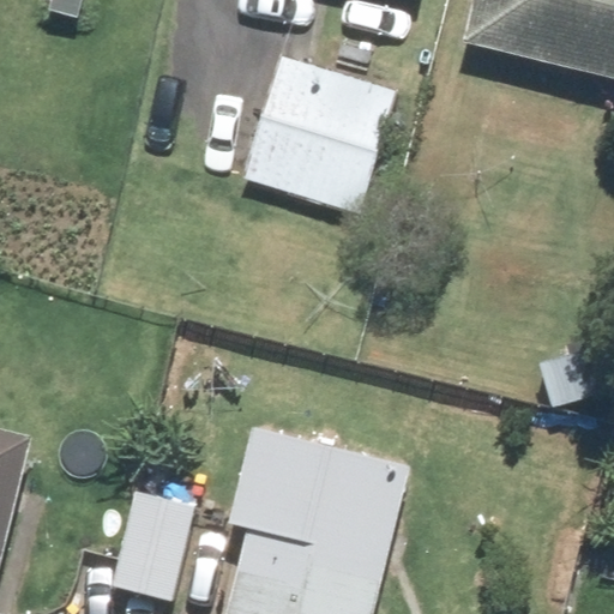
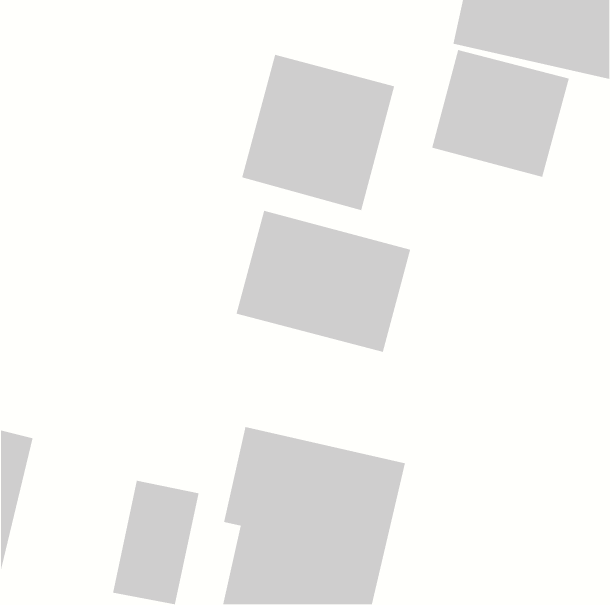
building: none -> [431,49,570,178]
building: none -> [235,210,411,353]

